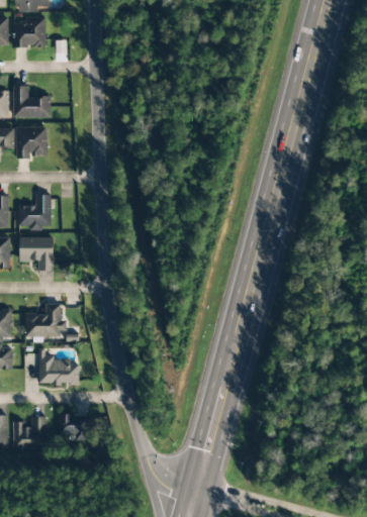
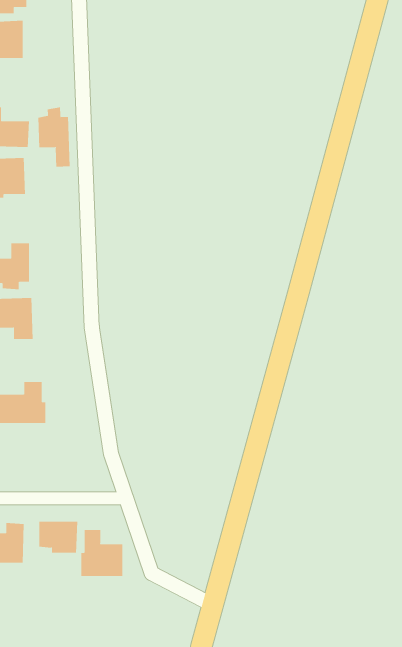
building: none -> [38,107,70,167]
building: [38,349,79,384] -> none
building: none -> [81,529,123,577]

